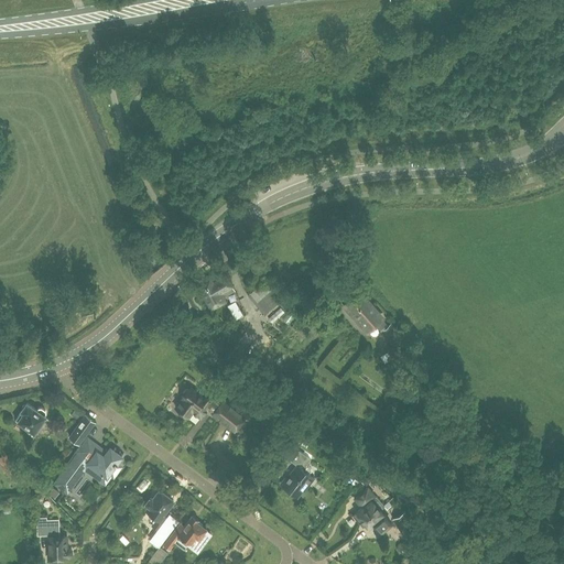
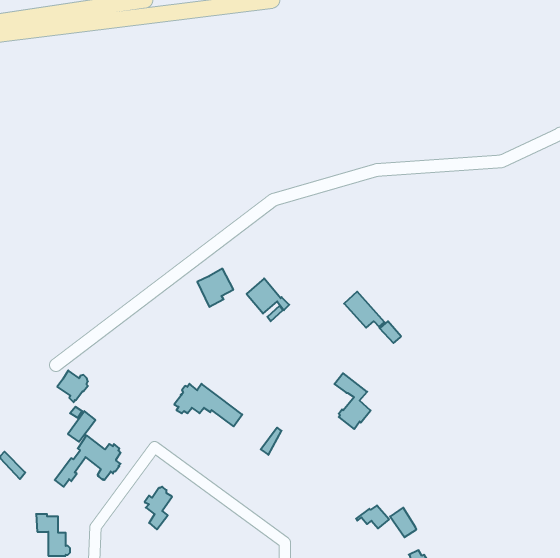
building: [15,404,46,436] -> [57,370,88,402]
building: [278,443,314,499] -> [334,373,371,429]
building: [352,489,379,523] -> none
building: [164,517,212,552] -> none

